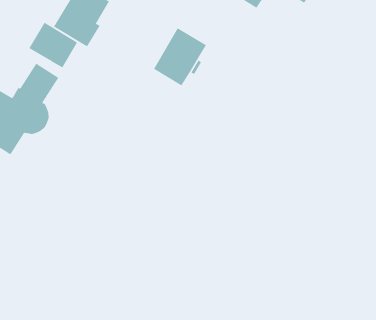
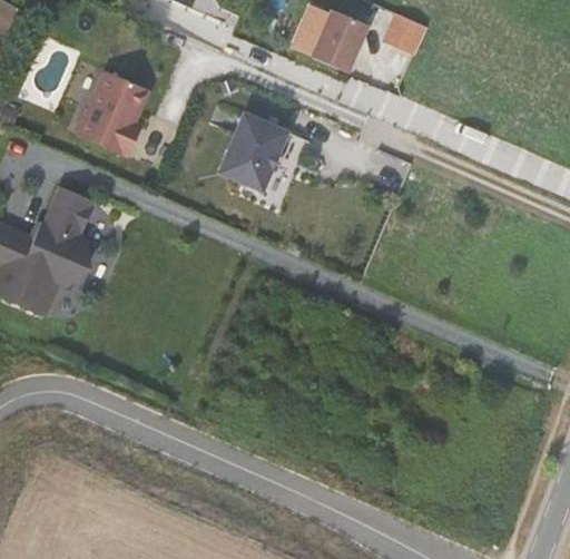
building: [29,22,78,68] -> none

